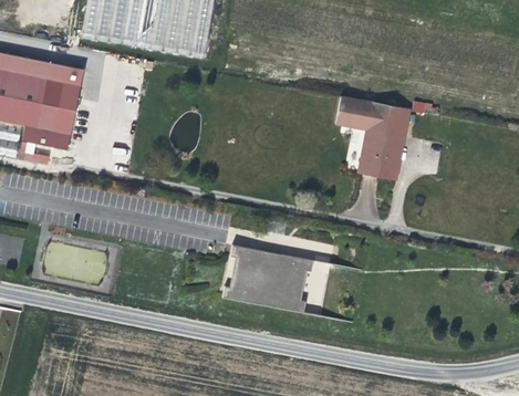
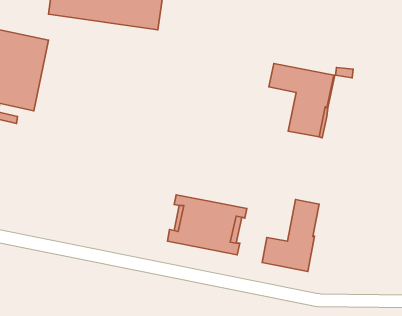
building: none -> [262,200,319,272]

